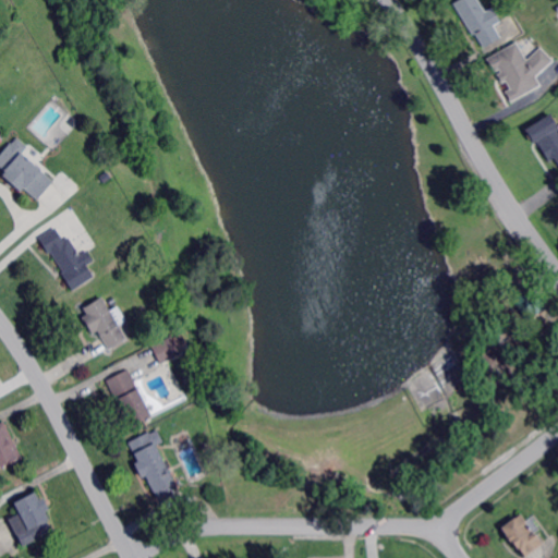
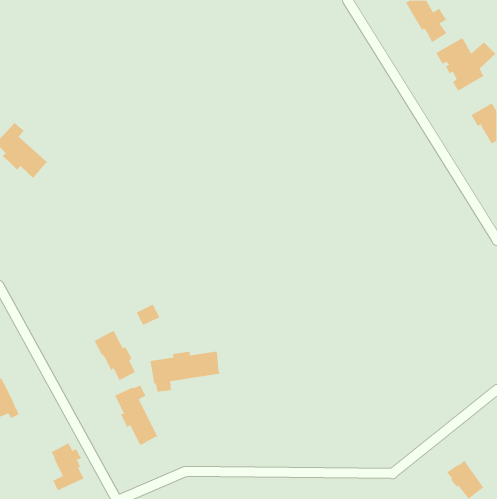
building: [38,227,94,290] -> none
building: [81,296,124,350] -> none
building: none -> [150,351,220,393]
building: [14,492,52,546] -> [50,442,85,491]

